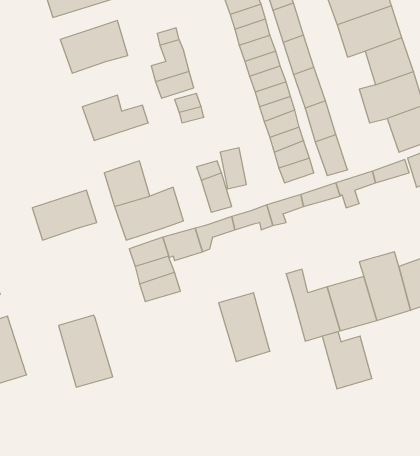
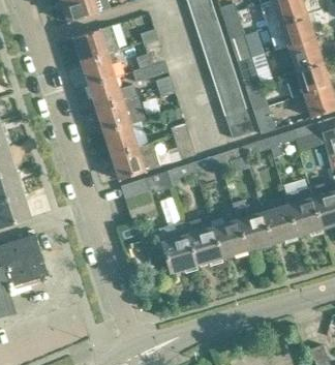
building: none -> [82,54,114,86]
building: [32,190,97,240] -> [97,97,143,132]
building: [59,315,113,387] -> [159,222,197,273]
building: [322,332,372,389] -> [211,218,246,258]

